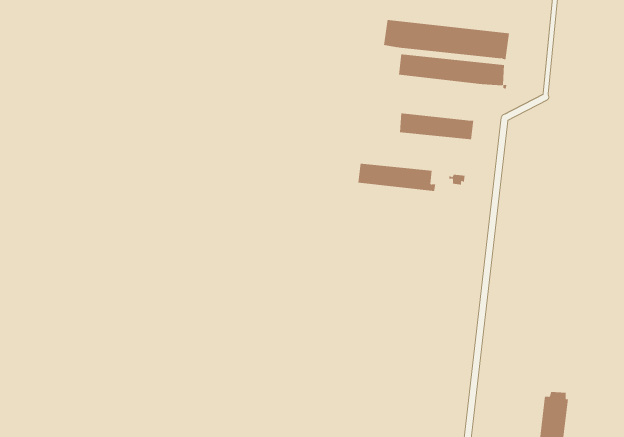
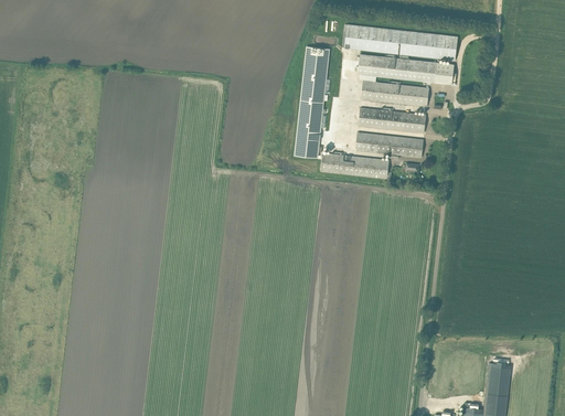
building: none -> [295,46,329,158]
building: none -> [361,81,429,106]
building: none -> [355,132,424,157]

